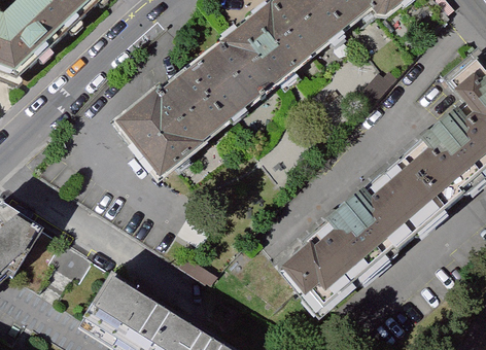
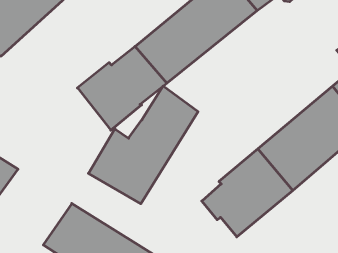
building: none -> [88,86,198,204]

